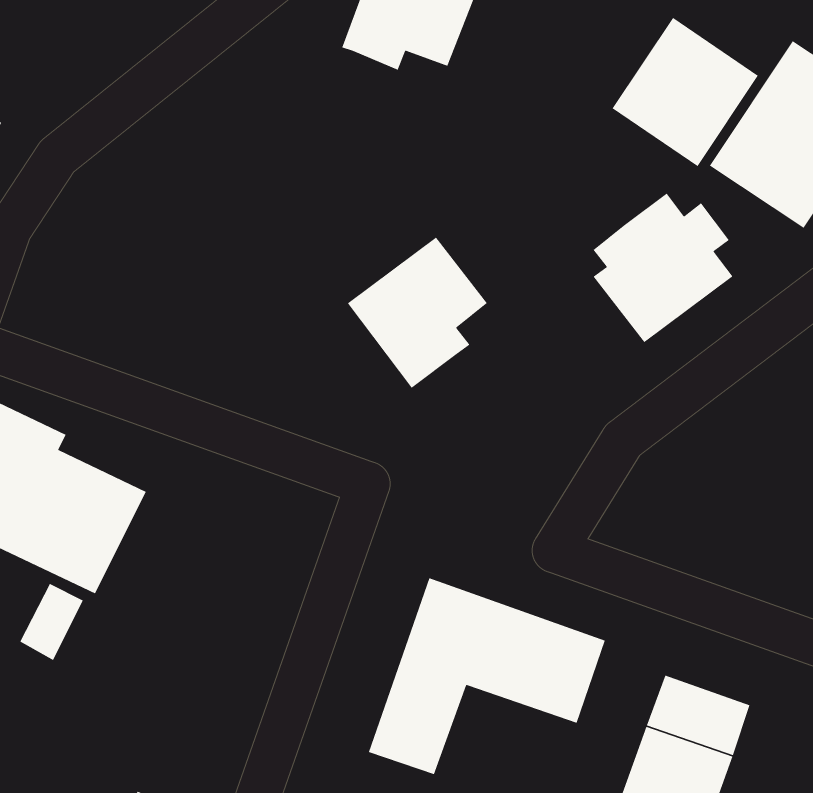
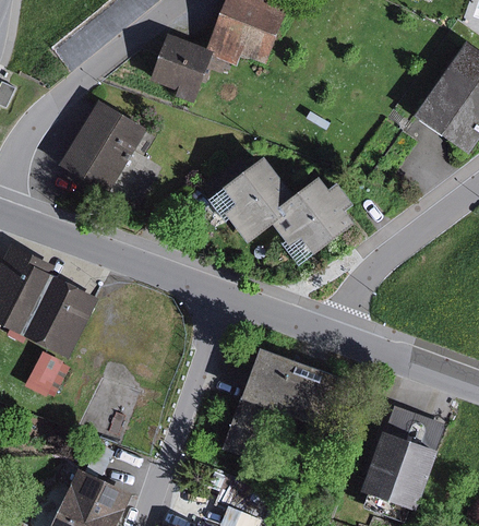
building: [612,17,759,167] -> none
building: none -> [151,33,212,96]
building: none -> [61,101,146,191]
building: [593,193,734,343] -> [272,175,352,261]

